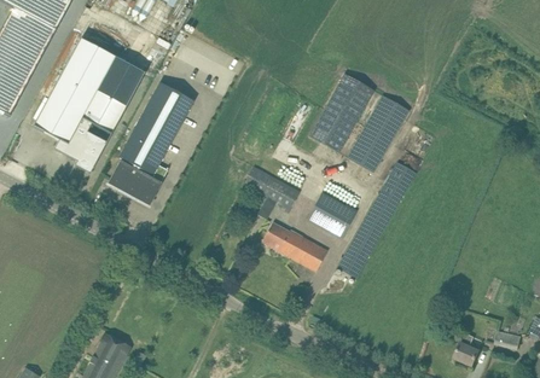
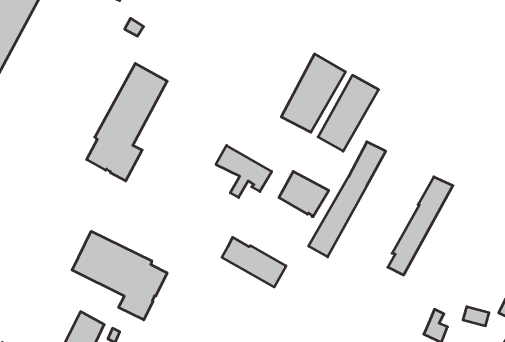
building: [33,37,144,168] -> none
building: none -> [388,177,453,275]
building: [262,220,327,271] -> [222,237,286,287]
building: none -> [72,231,167,320]

